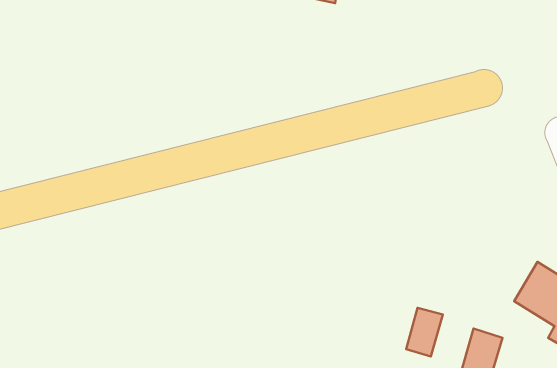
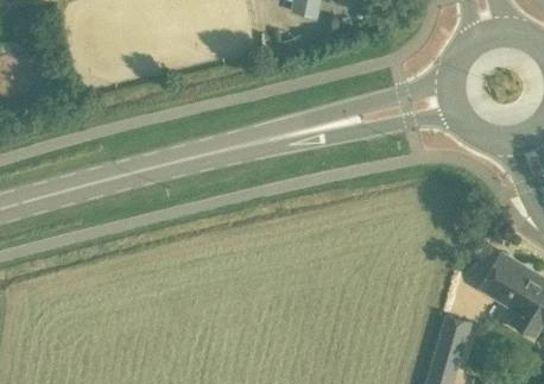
building: [406,308,443,356] -> none

